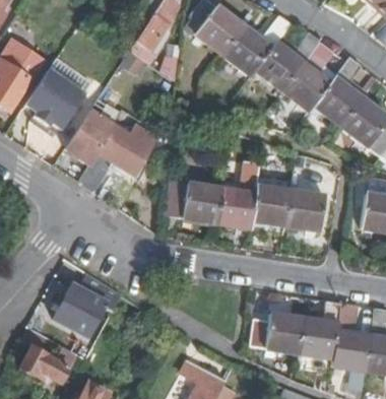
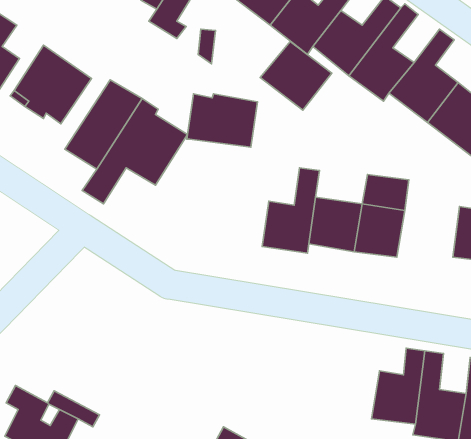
building: none -> [260,41,332,110]
building: [168,182,221,222] -> [187,94,257,147]
building: [53,284,106,336] -> none
building: [252,310,306,353] -> none

